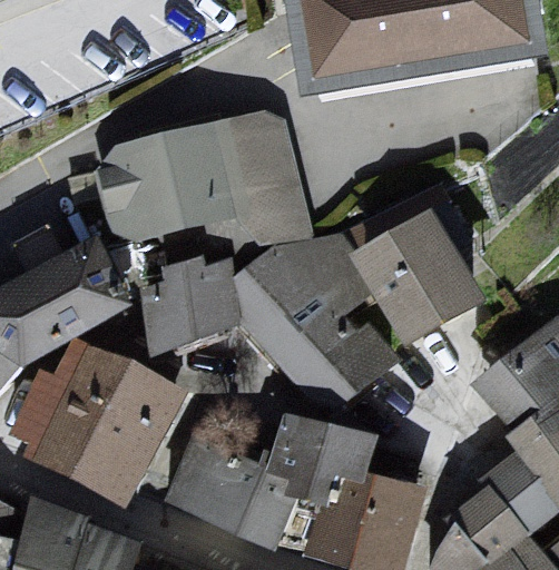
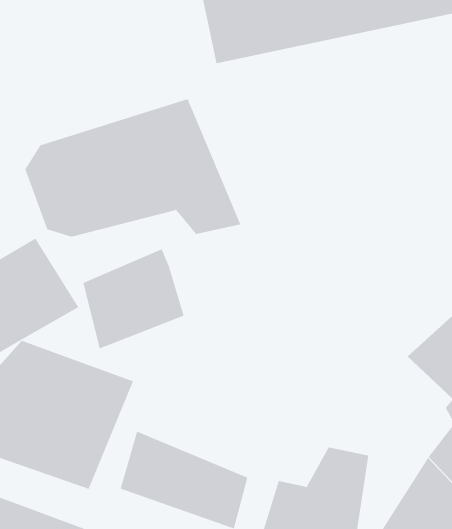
building: [357,212,492,343] -> none
building: [232,242,396,412] -> none
building: [271,420,383,510] -> none

